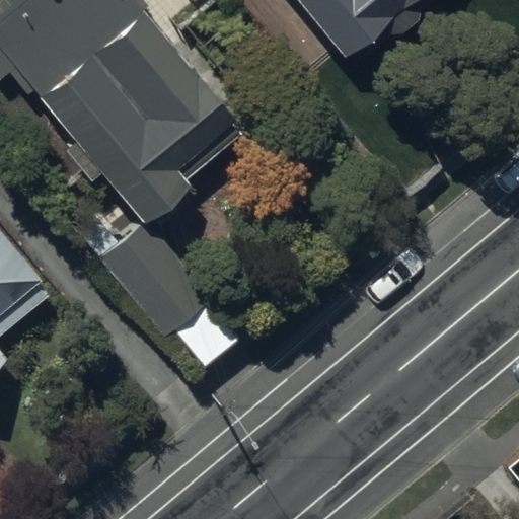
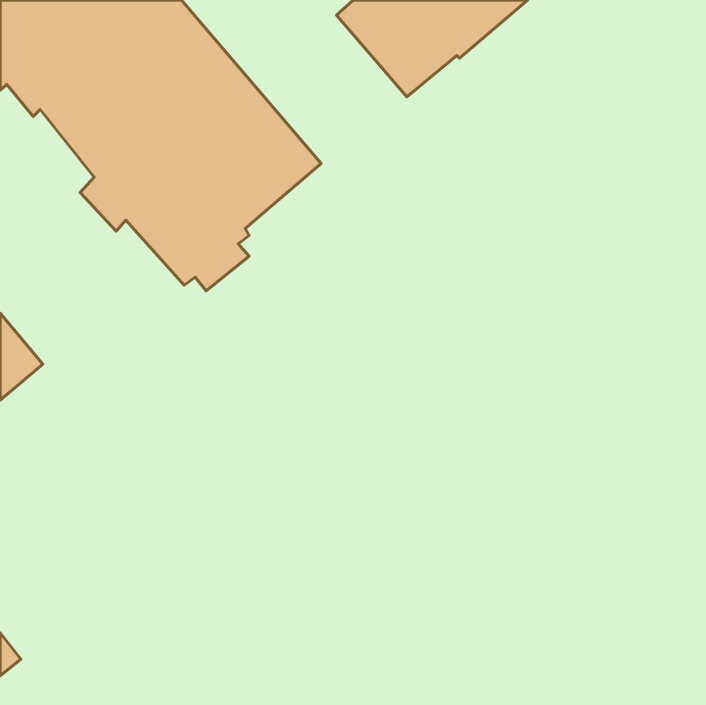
building: [96,211,240,359] -> none

